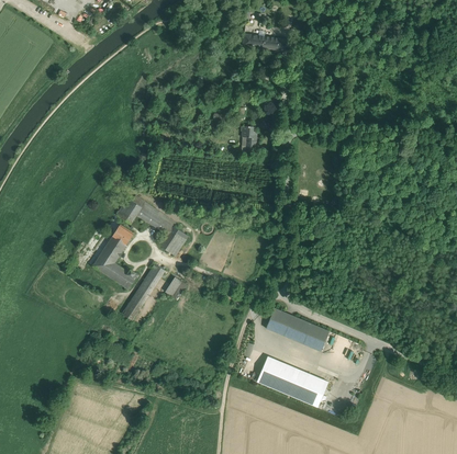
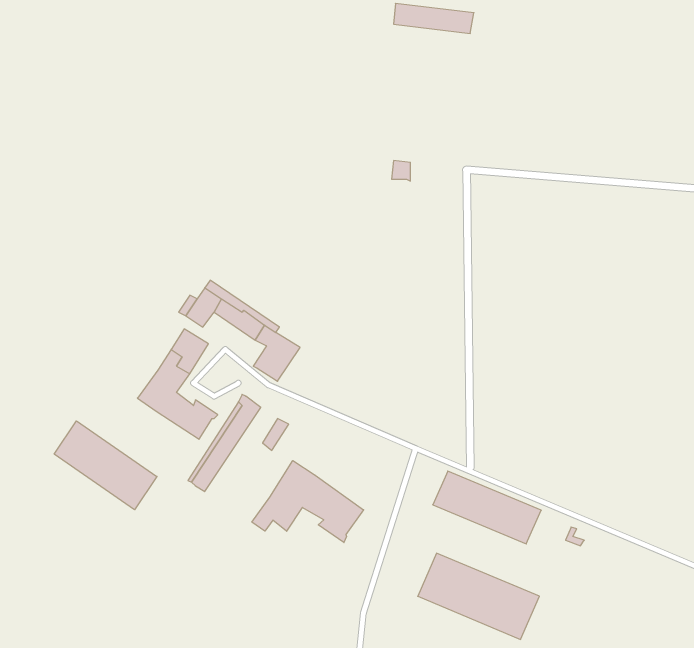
building: none -> [54,421,157,510]
building: none -> [252,461,364,543]

